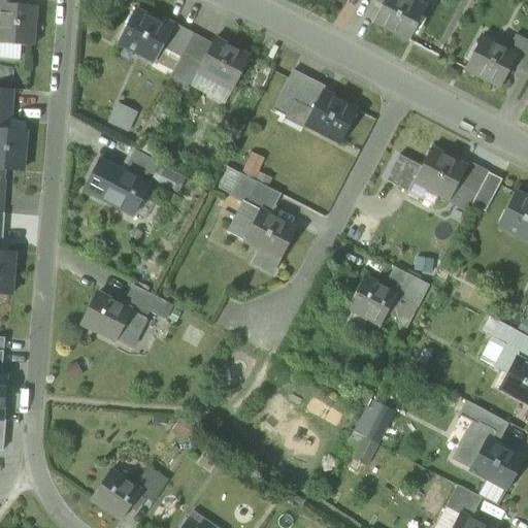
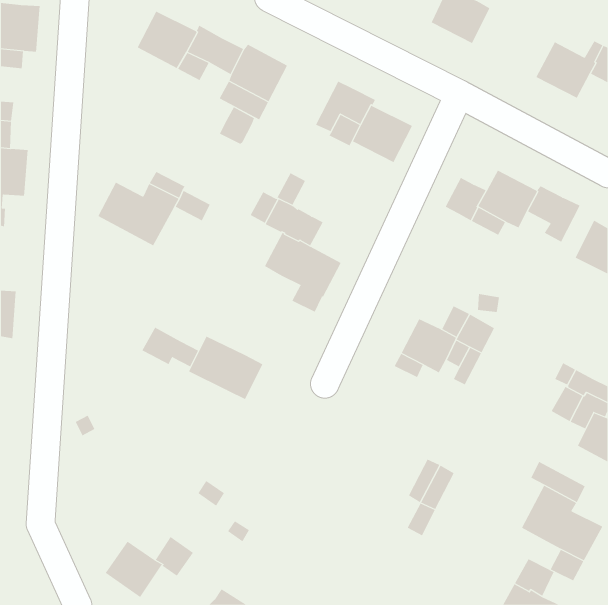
building: [169,55,200,88] -> [219,106,255,144]
building: [106,101,137,132] -> none
building: [81,292,146,348] -> [188,336,263,400]

